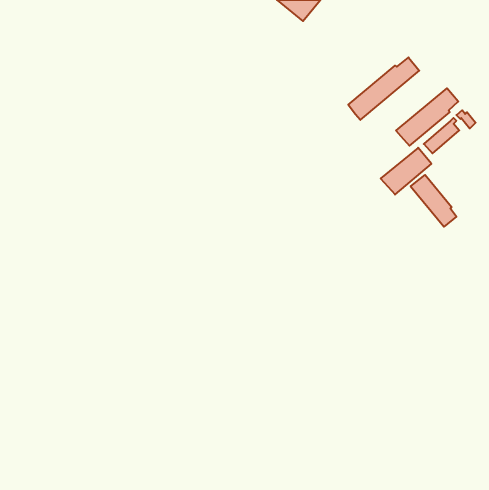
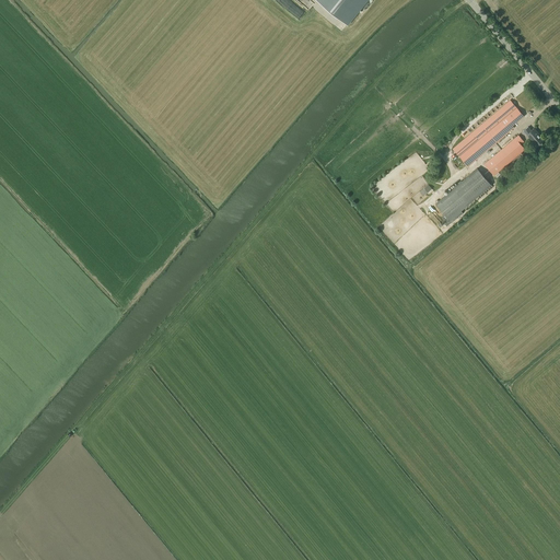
building: [348,57,419,120] -> none
building: [411,175,456,227] -> none

